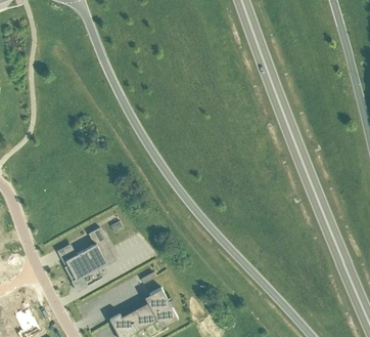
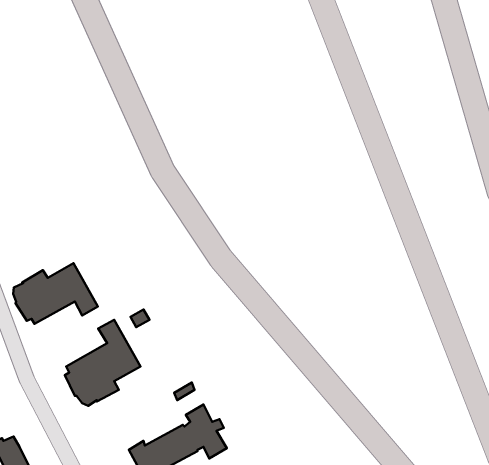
building: none -> [13,263,98,324]

